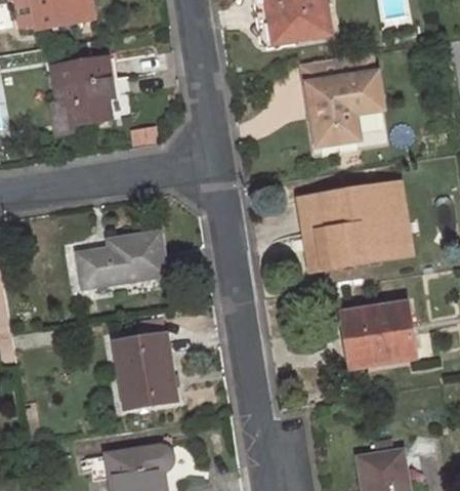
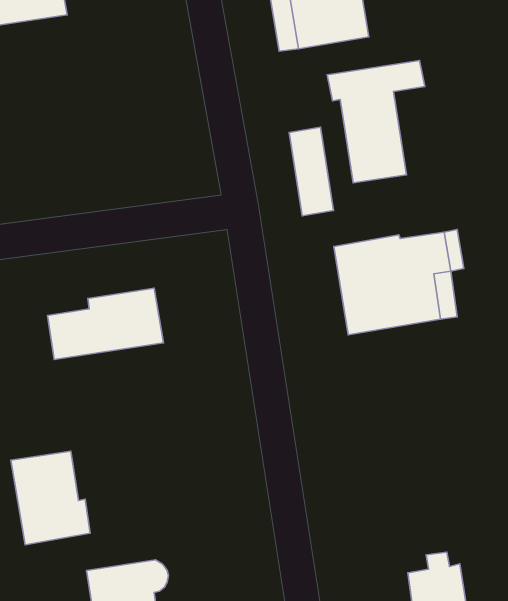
building: [51,57,113,132] -> none
building: [349,73,384,142] -> [289,127,333,216]
building: [343,301,415,367] -> none
building: [114,335,176,409] -> [11,451,90,545]

